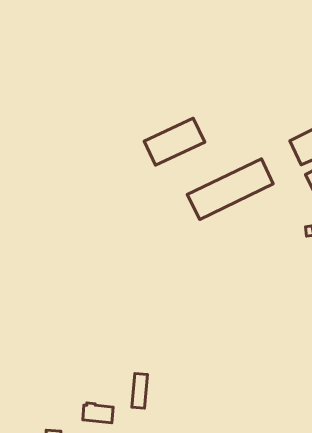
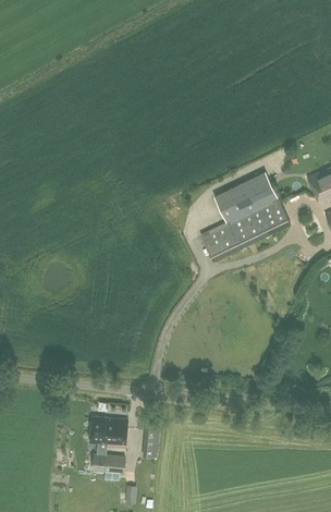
building: [144,118,205,165] -> [213,171,277,220]
building: none -> [88,415,126,452]

